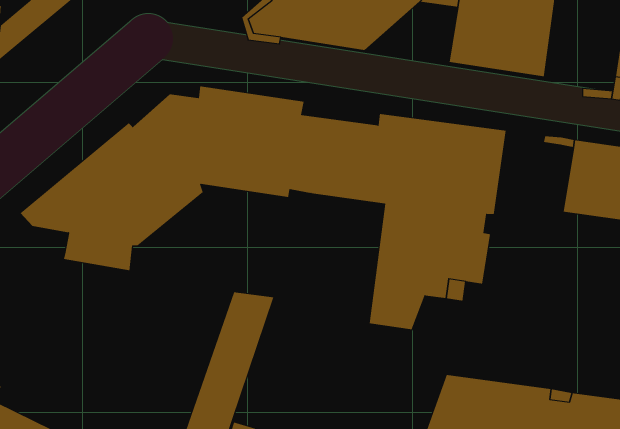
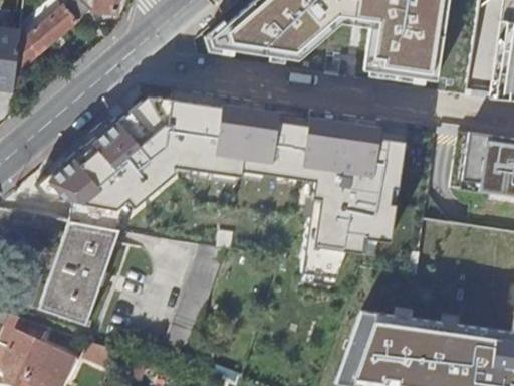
building: none -> [38,223,119,328]

